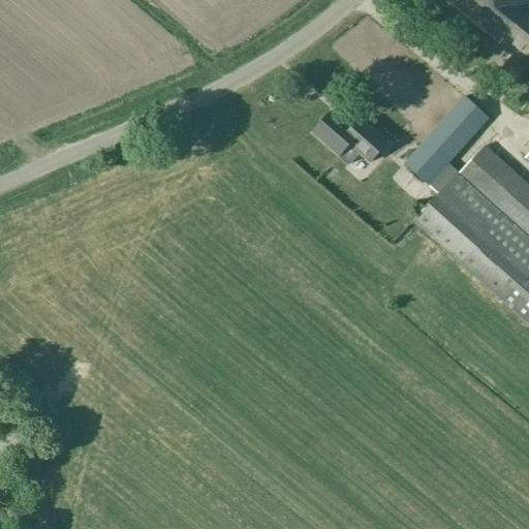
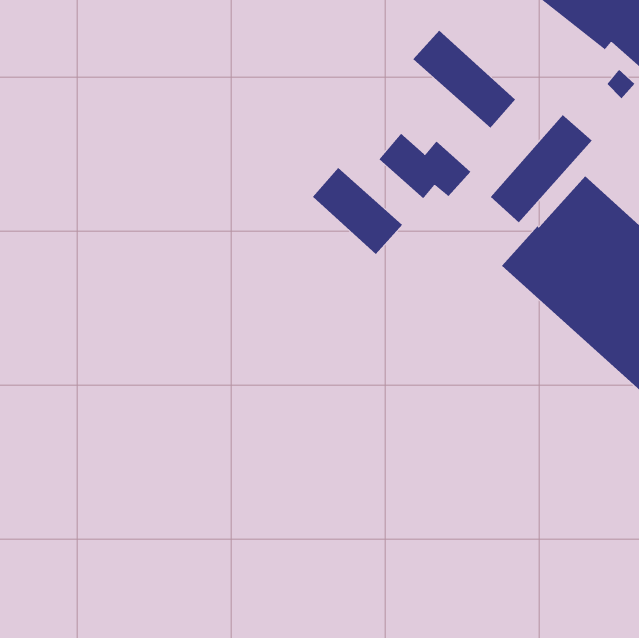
building: none -> [413,30,516,128]
building: none -> [312,167,403,255]

